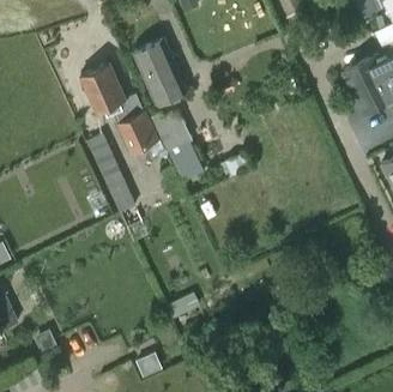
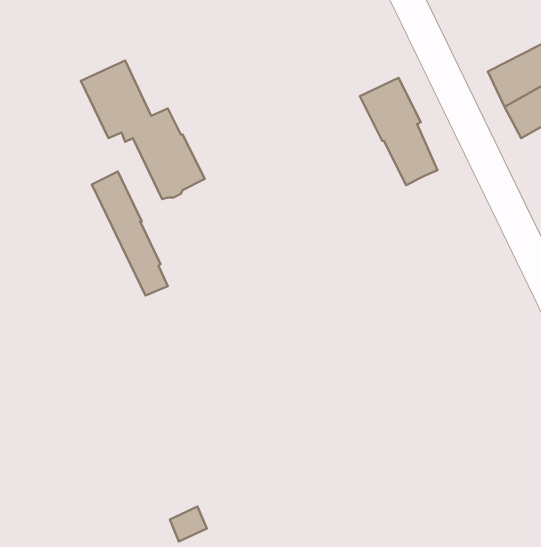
building: [133,40,186,104] -> none
building: [152,111,202,181] -> [360,78,438,185]

